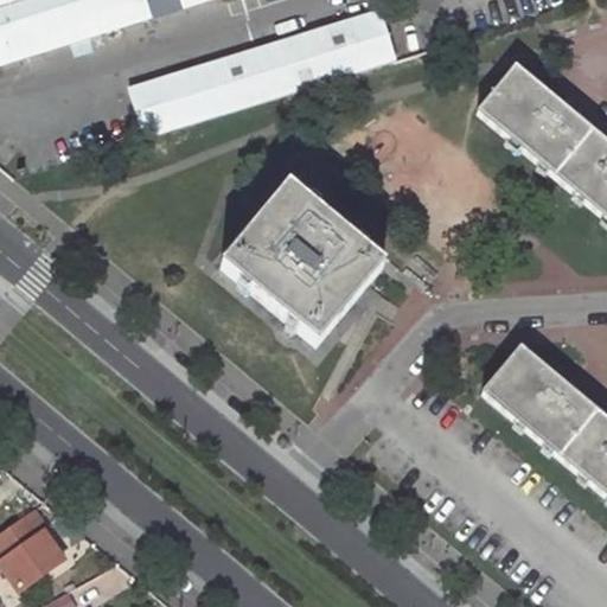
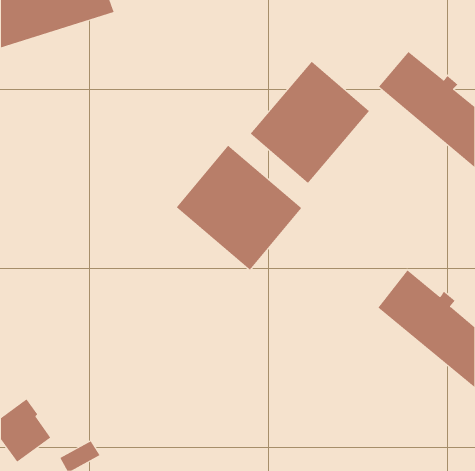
building: [134,8,388,134] -> none
building: none -> [250,61,370,184]

